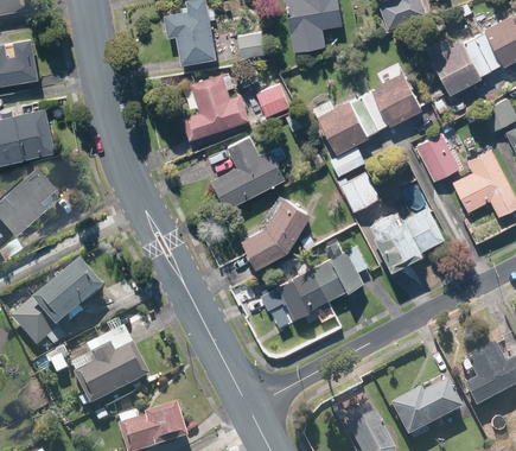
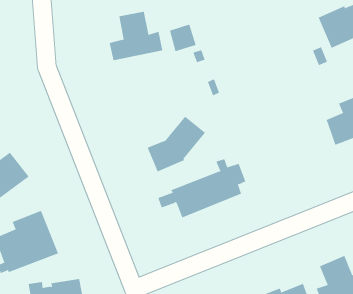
building: [312,72,422,176] -> none
building: [414,133,459,182] -> none
building: [212,136,285,210] -> none
building: [339,174,378,212] -> none
building: [370,207,444,271] -> none

